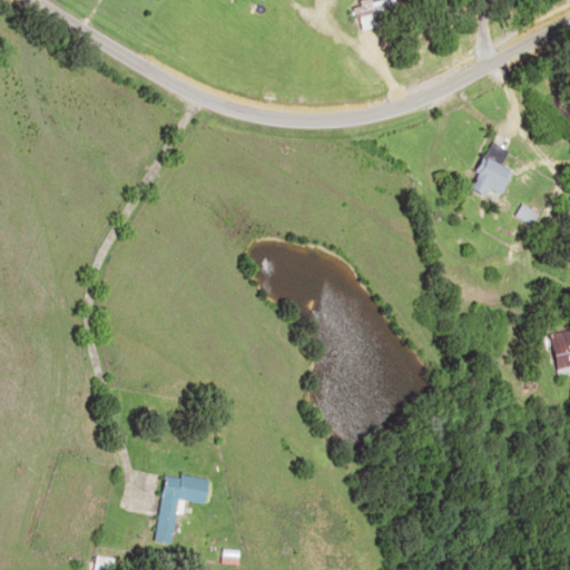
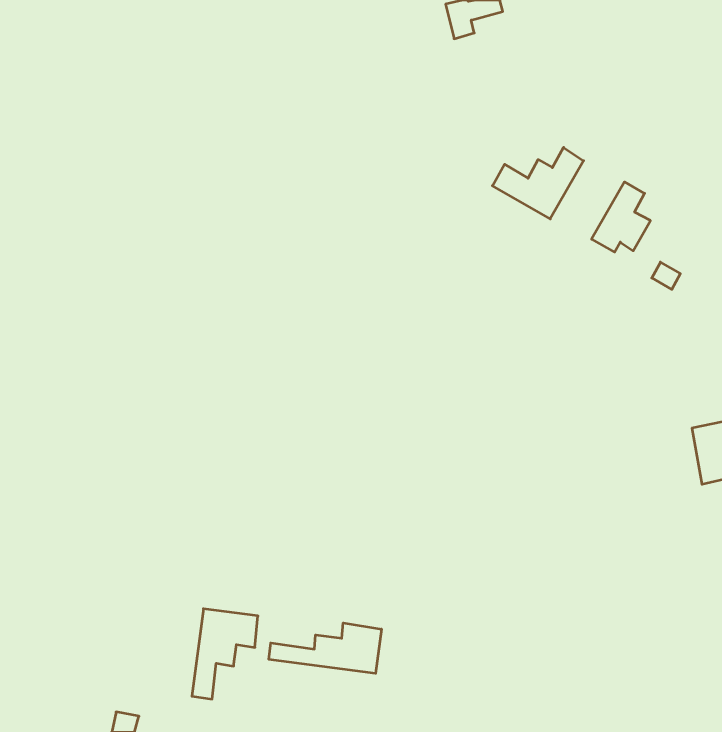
building: none -> [492,147,584,219]
building: none -> [269,623,381,673]

